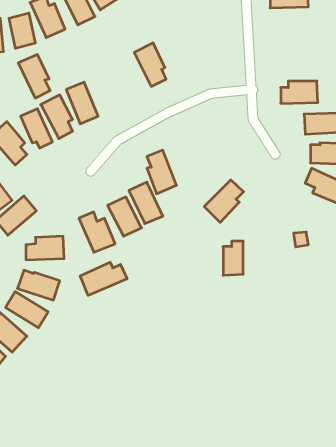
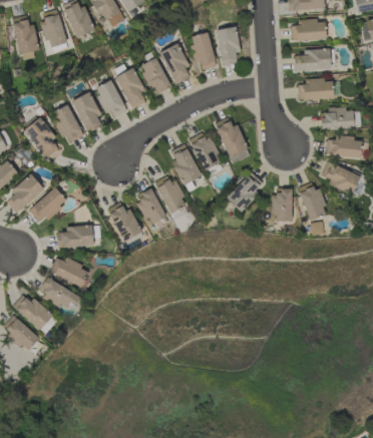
building: none -> [291,20,326,41]
building: none -> [216,27,240,65]
building: none -> [189,32,217,70]
building: none -> [294,49,331,72]
building: [18,54,50,98] -> [115,68,145,109]
building: none -> [140,57,170,95]
building: none -> [214,117,251,164]
building: none -> [188,131,222,171]
building: none -> [299,185,327,221]
building: [223,241,243,275] -> [273,189,292,222]
building: [80,262,127,295] -> none

